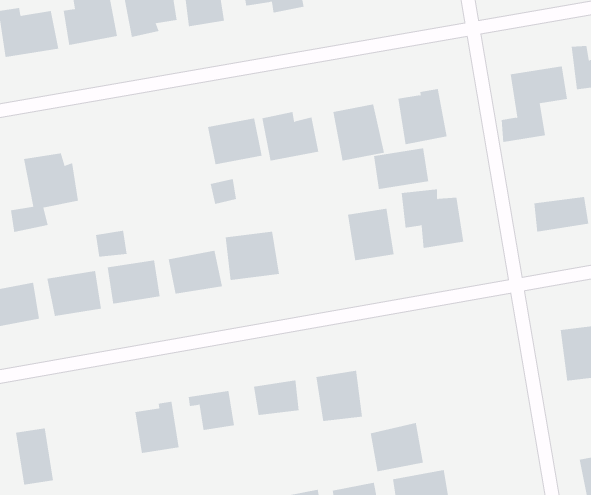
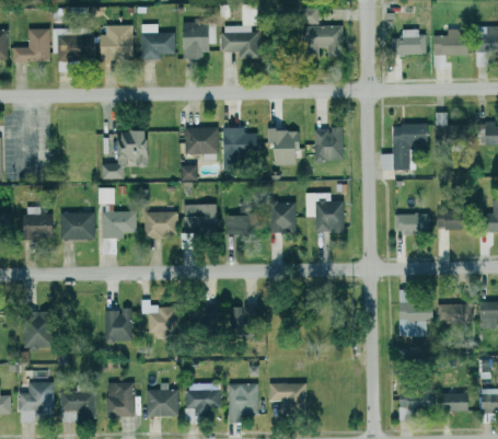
building: [373,147,429,190] -> none
building: [10,153,79,232] -> [101,131,148,180]
building: none -> [224,215,252,235]
building: [370,422,423,472] -> none

